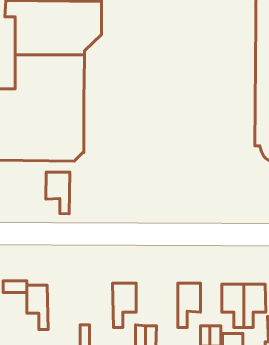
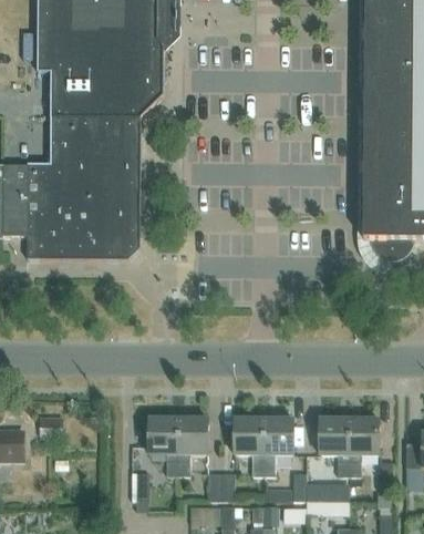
building: [46,172,70,214] -> none
building: none -> [236,418,262,475]
building: [27,285,48,329] -> [151,418,178,475]

